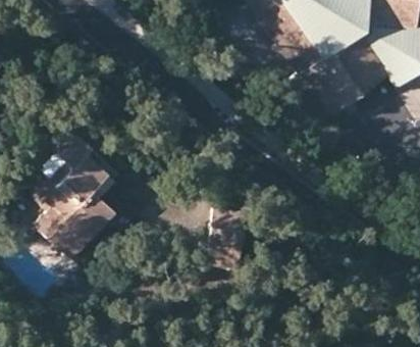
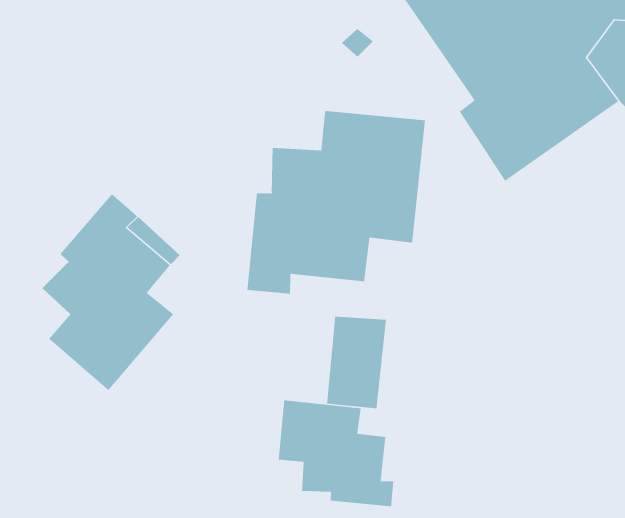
building: none -> [247,110,426,295]
building: none -> [278,400,394,507]

